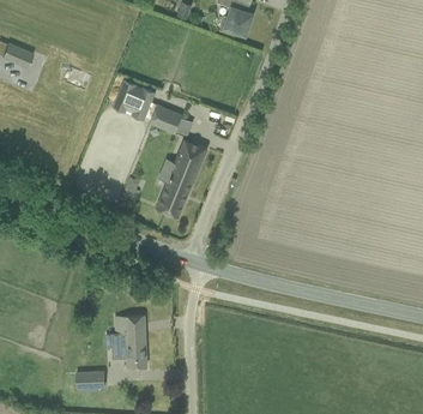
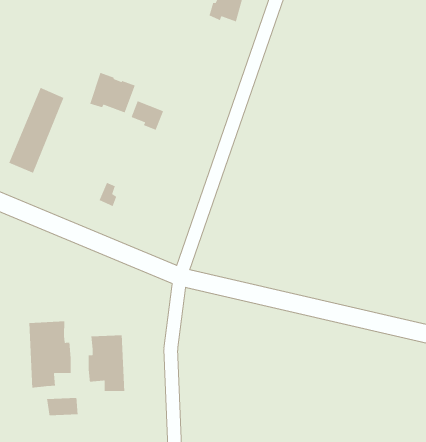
building: [156,139,206,217] -> [8,87,64,174]
building: none -> [29,321,72,388]

